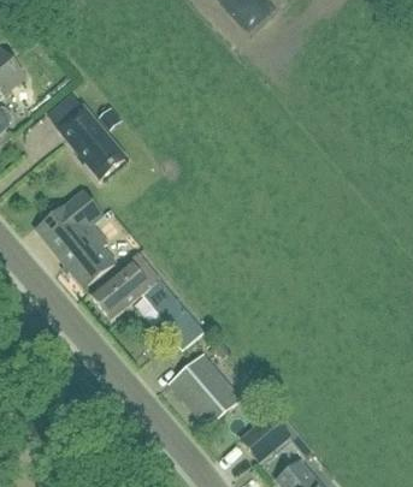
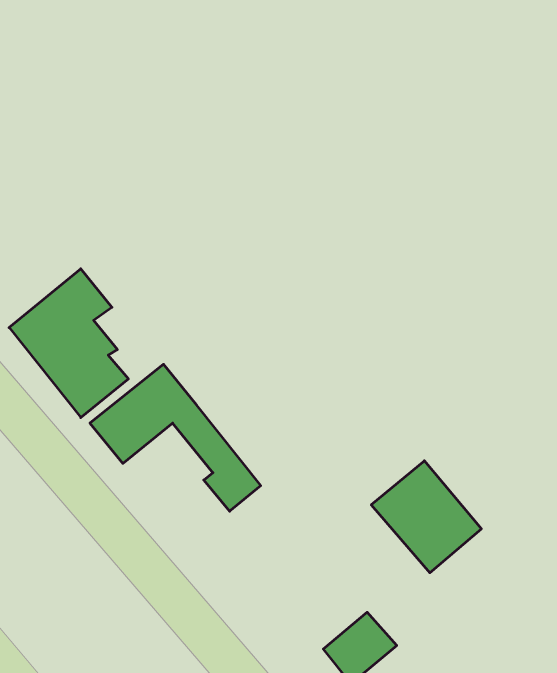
building: [58,106,125,178] -> none
building: [169,354,241,427] -> [371,461,481,573]

